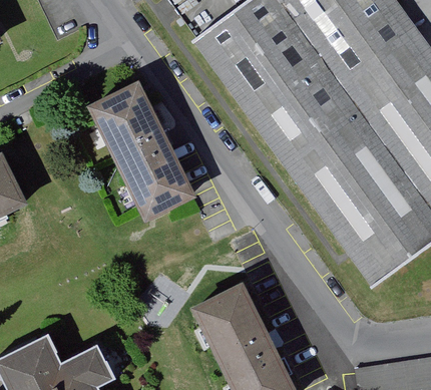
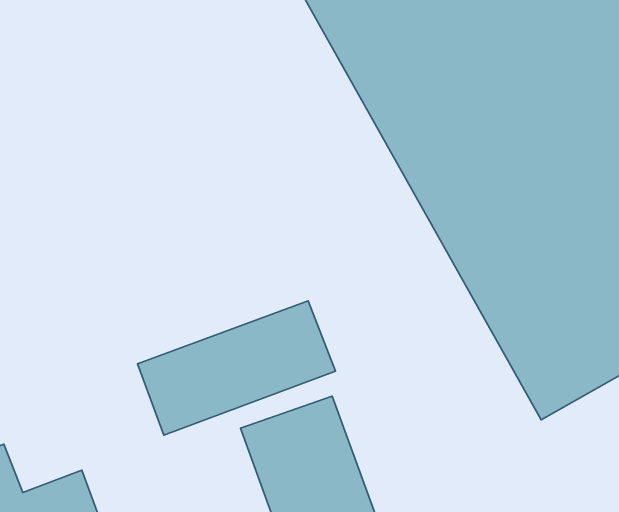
building: [85,85,195,224] -> none
building: none -> [138,301,335,435]

